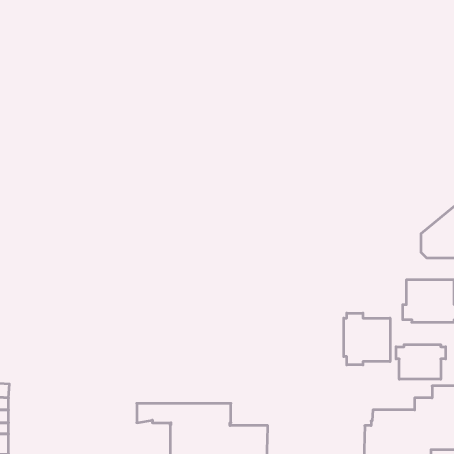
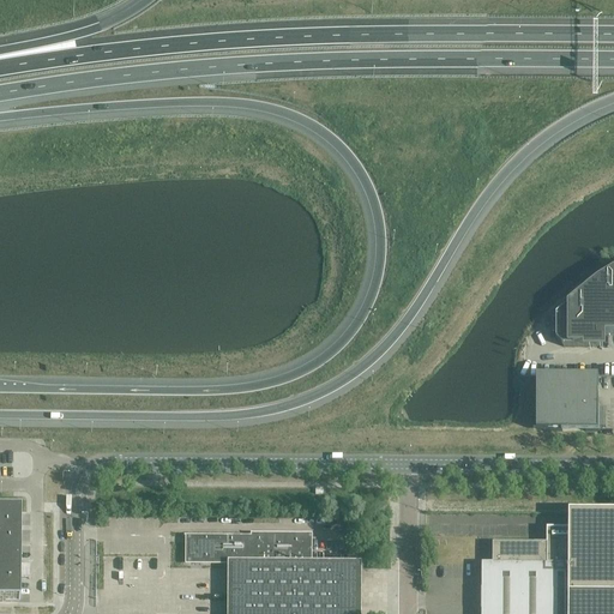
building: [344,313,390,365] -> none
building: [396,345,446,379] -> none

